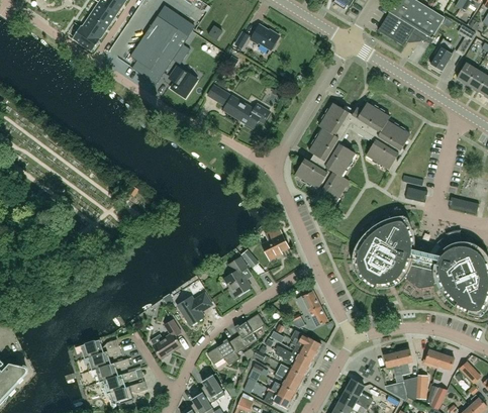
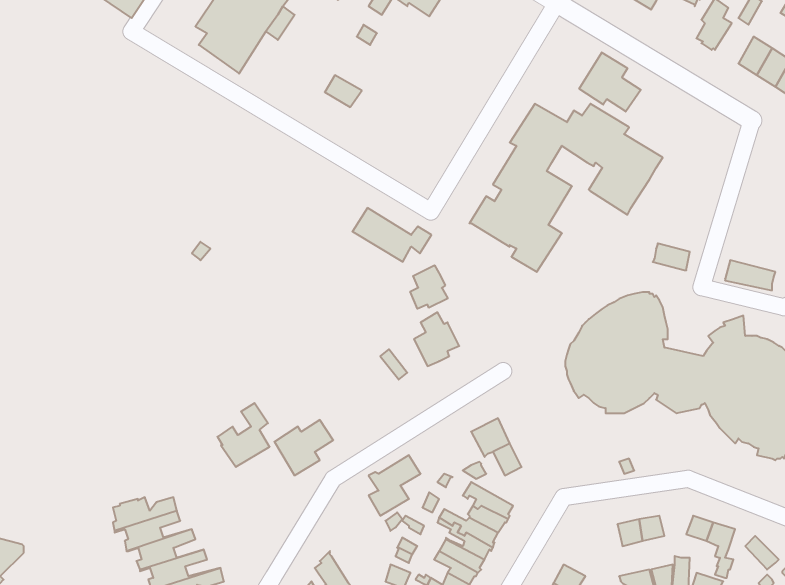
building: [169,66,198,97] -> none
building: none -> [579,52,641,112]
building: [223,95,271,127] -> [352,208,431,262]
building: none -> [410,265,448,309]
building: [225,256,251,297] -> none
building: [151,319,182,357] -> [217,403,270,467]
building: [207,337,241,365] -> none

